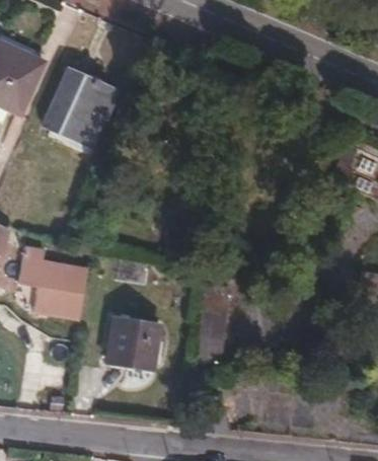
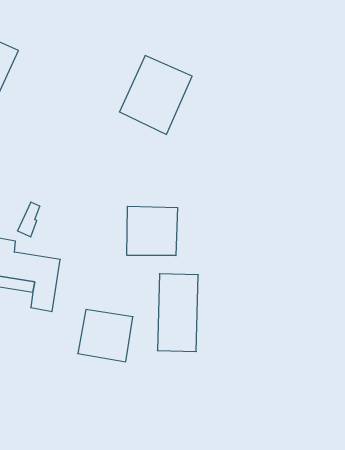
building: [44,69,116,147] -> [119,56,192,134]
building: none -> [127,206,178,256]

